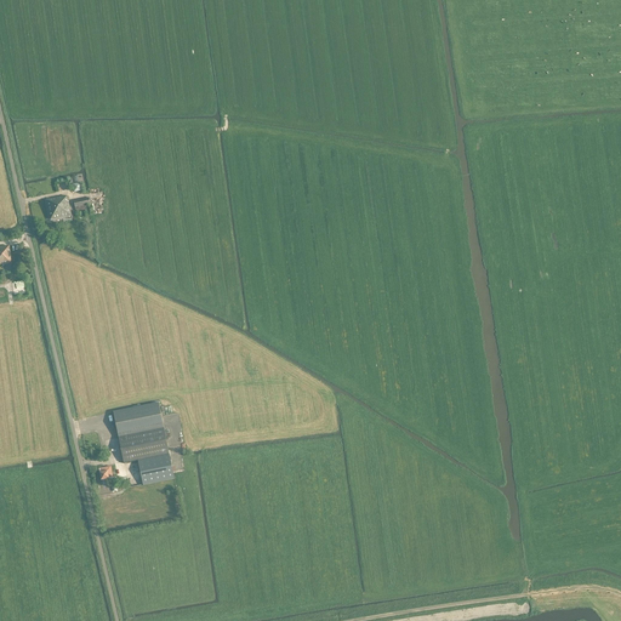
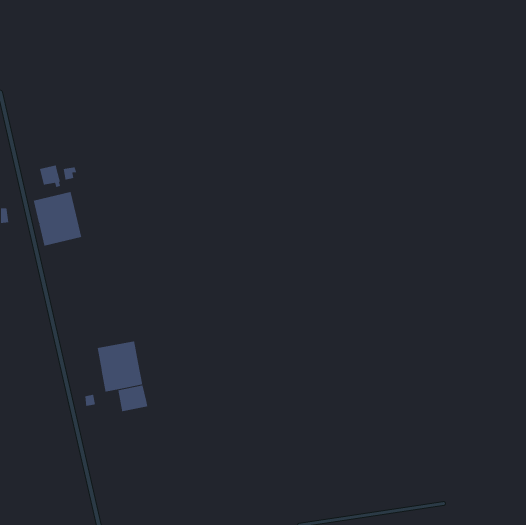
building: none -> [33,191,82,246]

